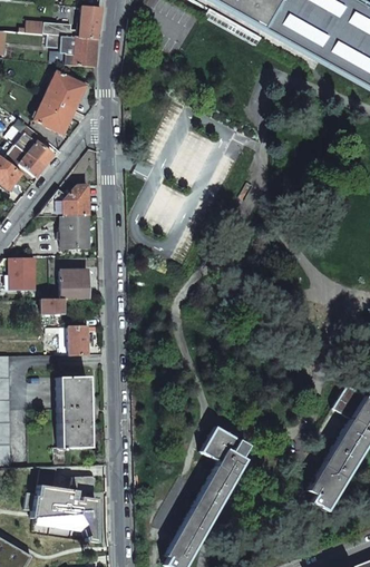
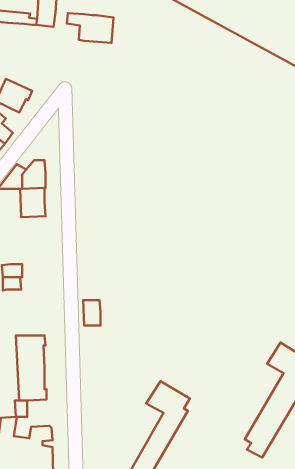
building: [47,35,98,67] -> [67,13,114,43]
building: [46,71,84,109] -> none
building: [61,270,86,299] -> none
building: [69,326,88,354] -> [83,300,101,326]

